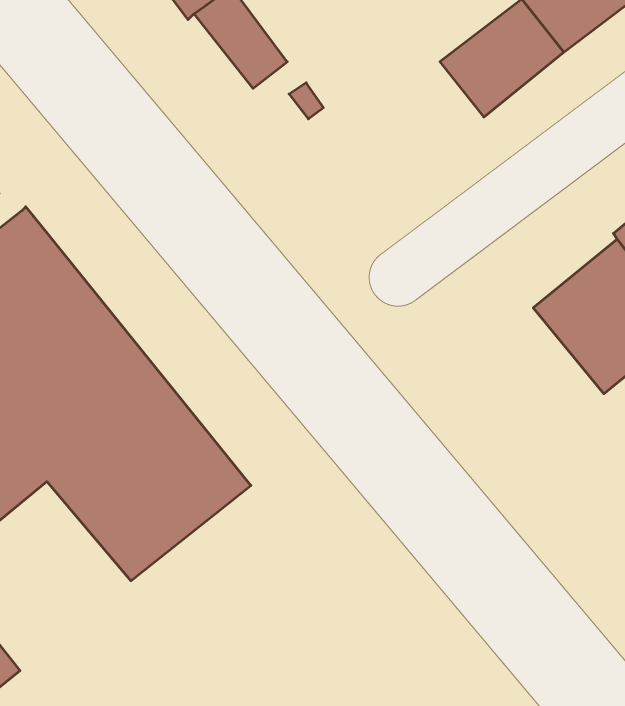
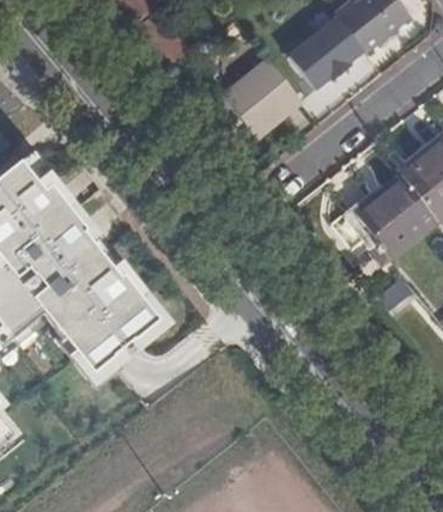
building: none -> [222,55,302,135]

